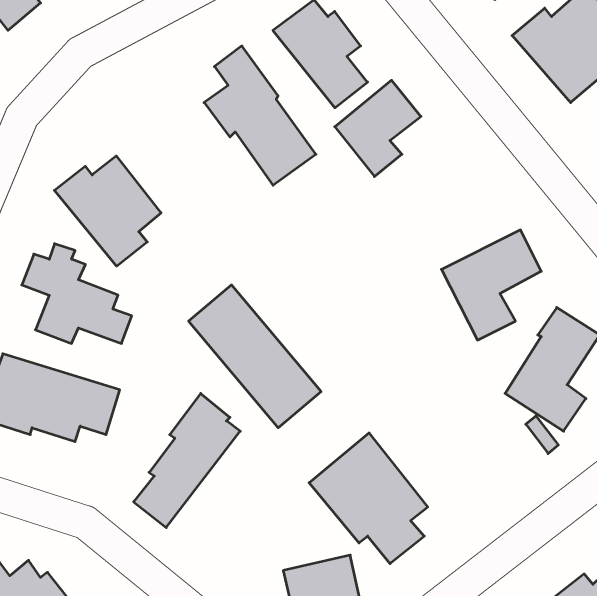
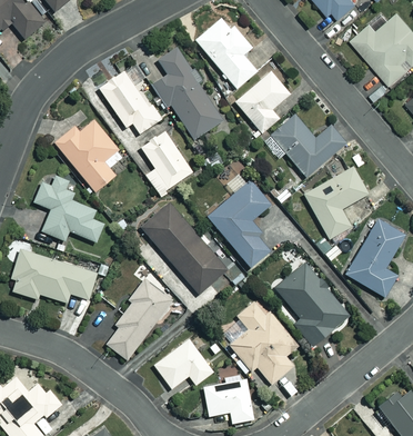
building: none -> [100,71,161,135]
building: none -> [264,116,345,177]
building: none -> [140,131,192,195]
building: none -> [208,181,271,268]
building: none -> [275,260,352,346]
building: none -> [153,339,213,388]

